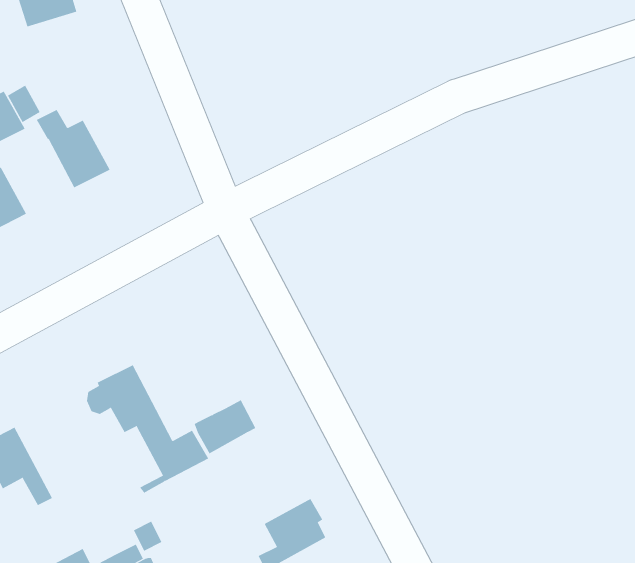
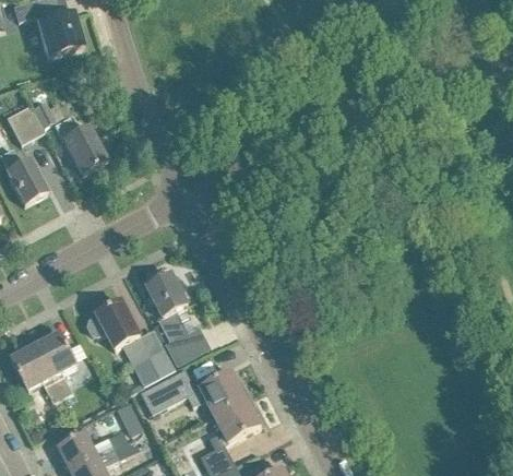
building: none -> [145,272,188,340]
building: none -> [36,331,76,395]
building: none -> [141,368,249,414]

